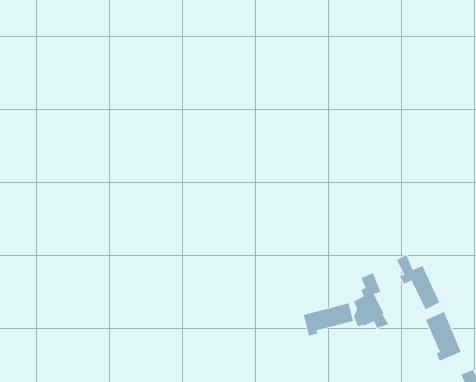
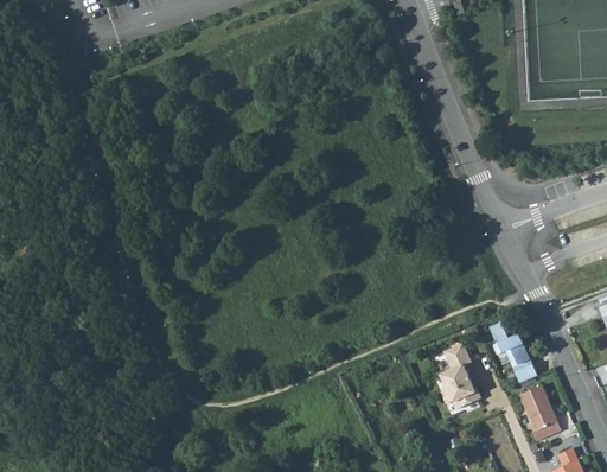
building: [303,302,353,337] -> none

